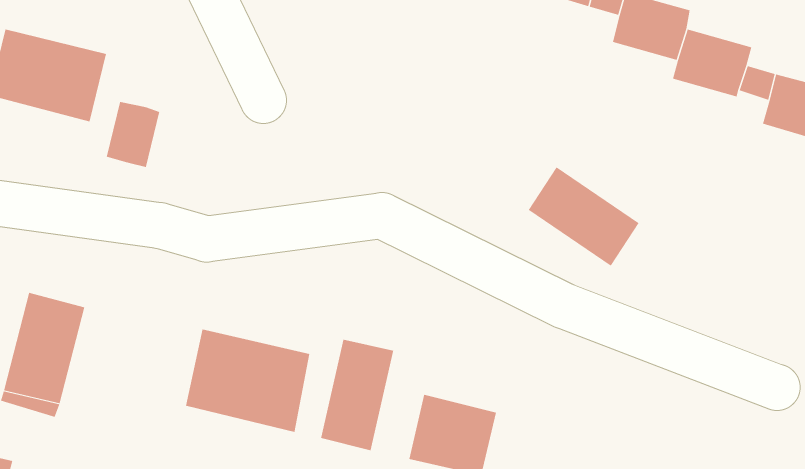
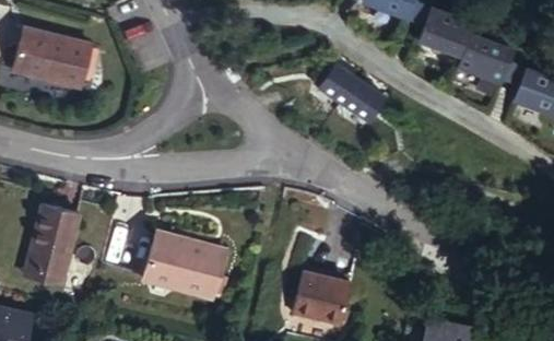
building: [106,101,160,168] -> none
building: [528,166,640,266] -> [316,61,389,127]
building: [321,339,394,451] -> none

